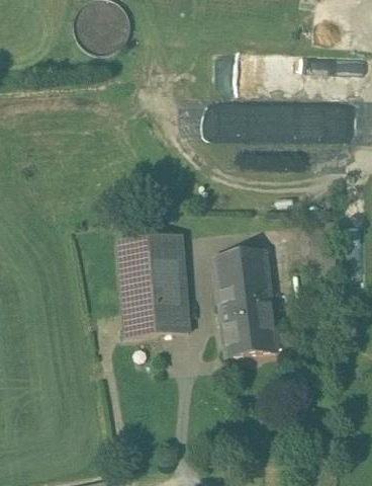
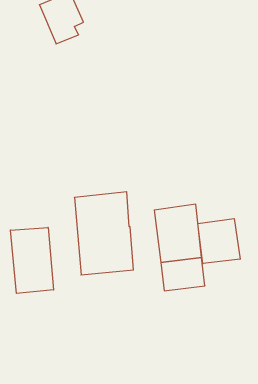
building: none -> [198,219,240,264]
building: none -> [10,227,54,293]

